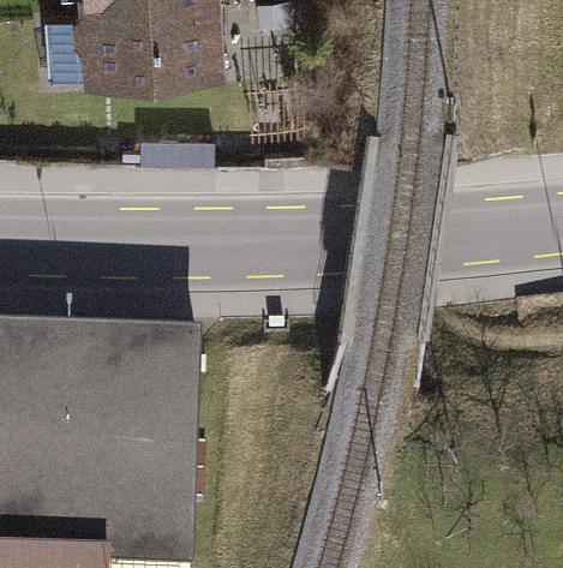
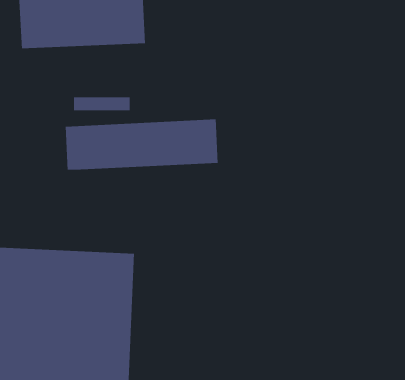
building: none -> [65,118,218,170]

